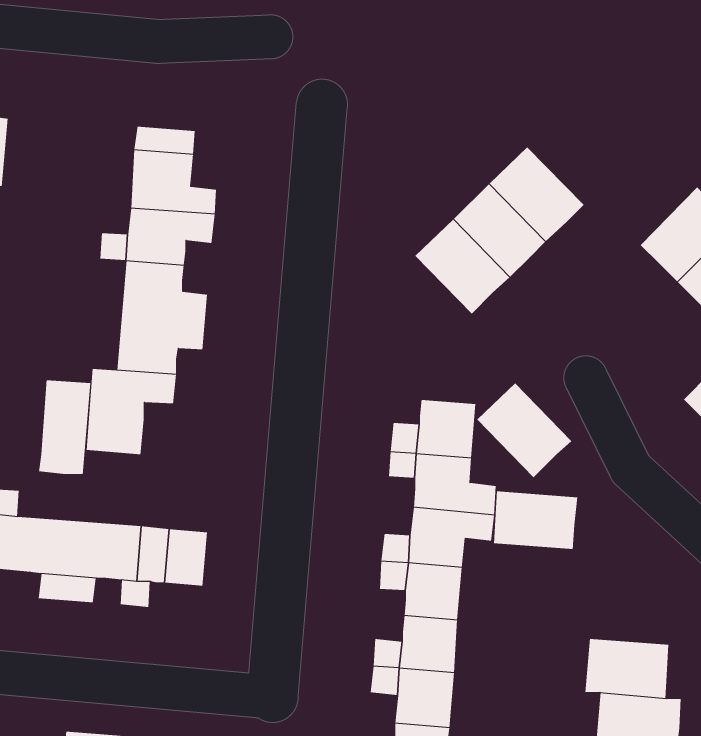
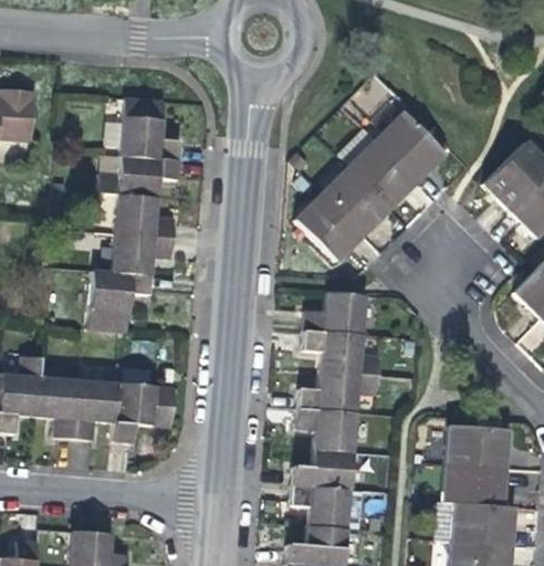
building: [38,379,91,475] -> none
building: [476,382,572,478] -> [295,190,364,259]
building: [493,491,578,550] -> [448,427,509,469]

